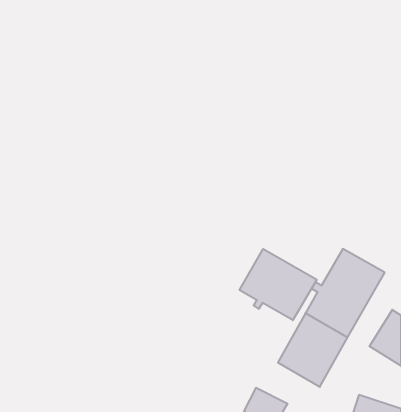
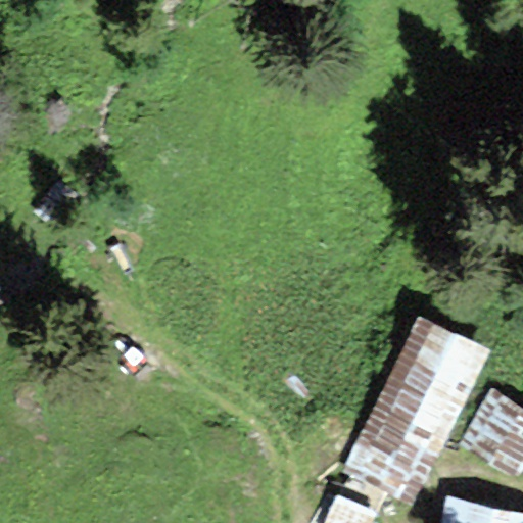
building: [240,249,317,320] -> none

